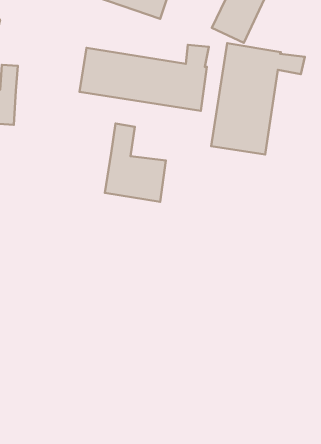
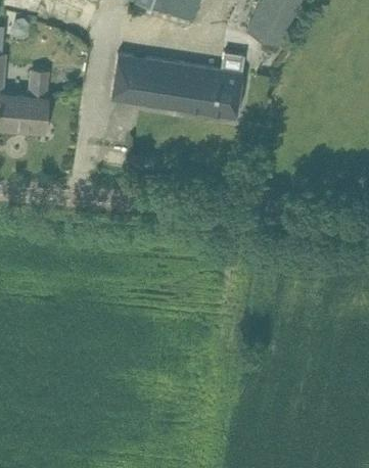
building: [211,43,305,154] -> none
building: [105,124,166,202] -> none

